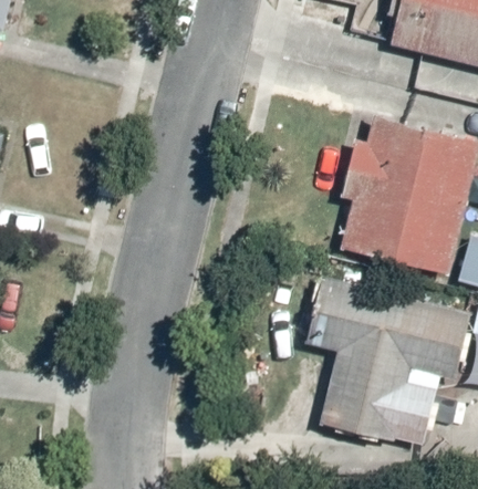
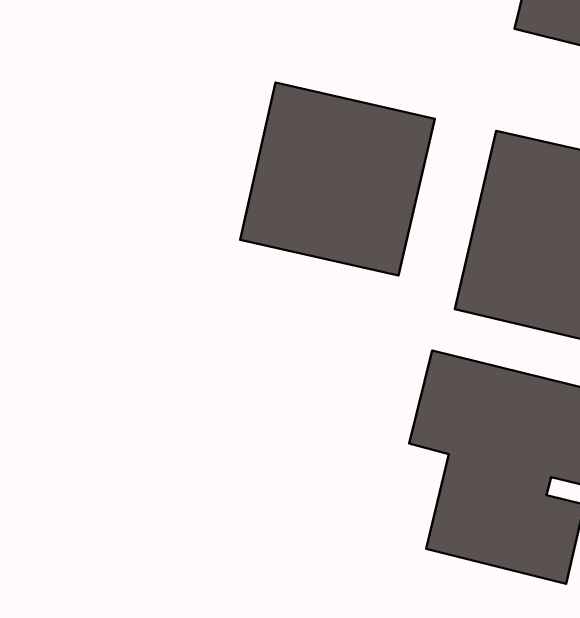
building: none -> [240,82,435,276]

